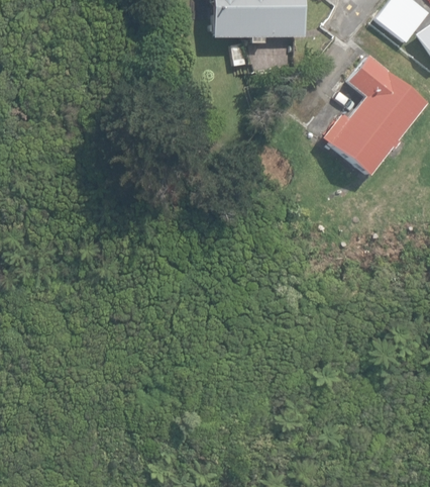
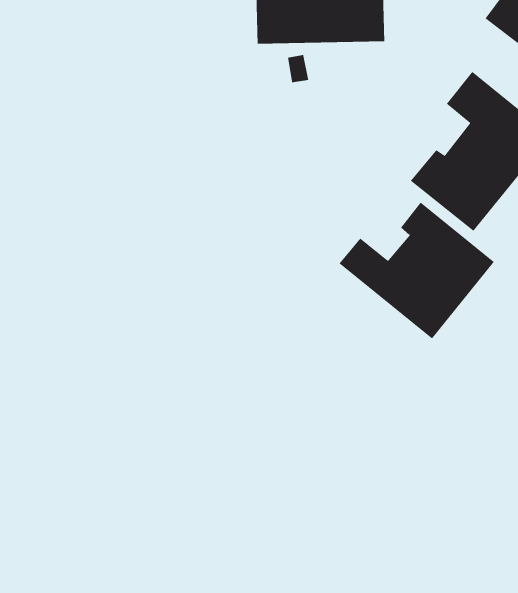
building: none -> [338,201,495,339]

